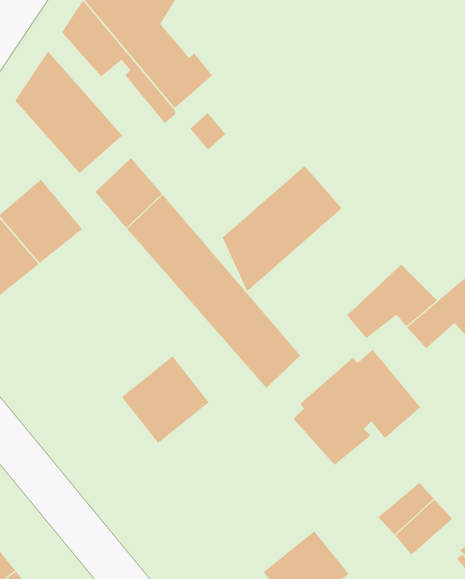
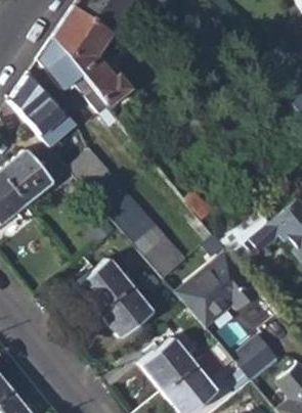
building: [222,165,342,292] -> none
building: none -> [98,287,152,338]
building: none -> [141,338,195,392]

